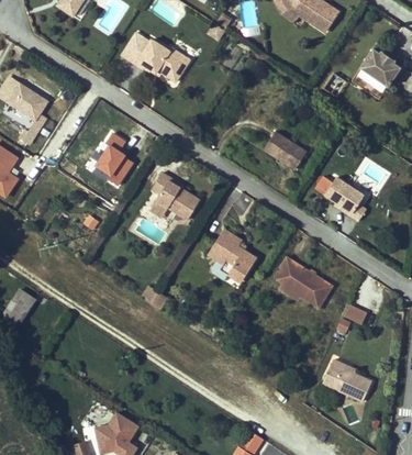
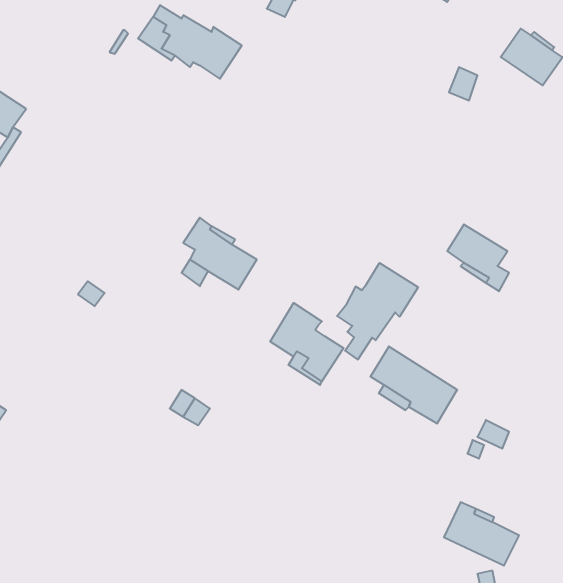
building: [264,131,307,169] -> none
building: [91,133,134,186] -> none
building: none -> [337,263,418,360]

